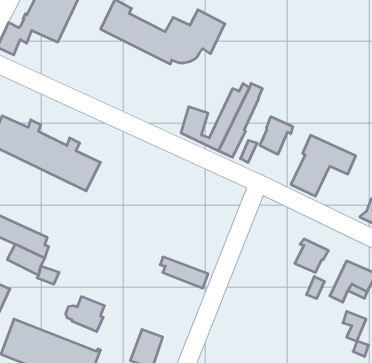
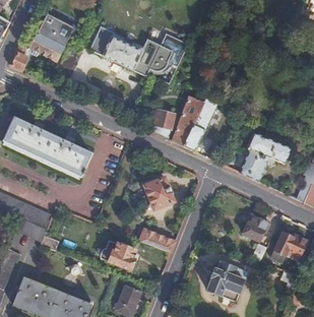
building: [260,117,293,154] -> none
building: none -> [143,177,172,208]
building: [66,297,105,332] -> [104,242,134,269]
building: none -> [207,261,244,302]

